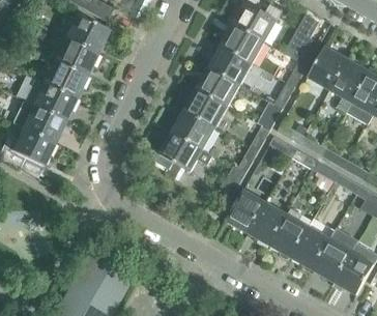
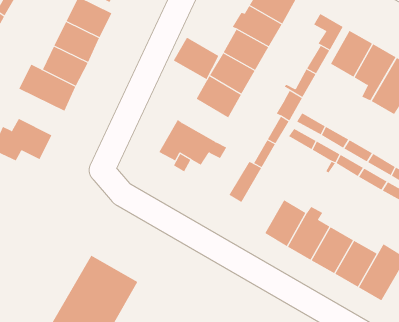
building: [12,100,65,143] -> none
building: [173,110,215,149] -> [173,37,219,80]
building: [226,190,266,233] -> none

